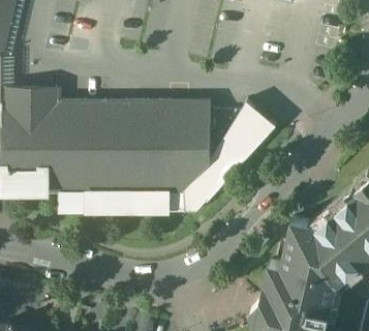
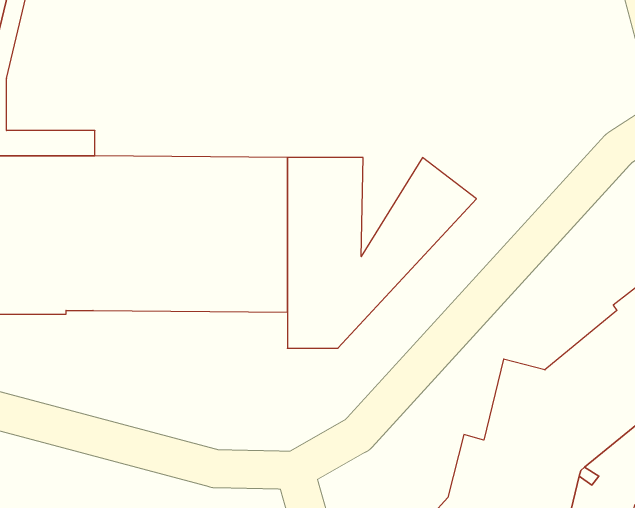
building: [56,188,167,210] -> none

